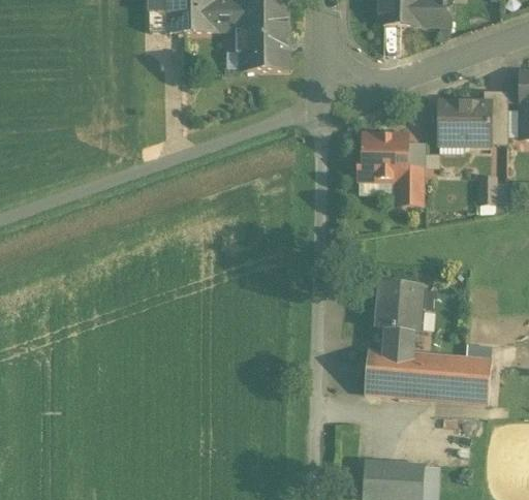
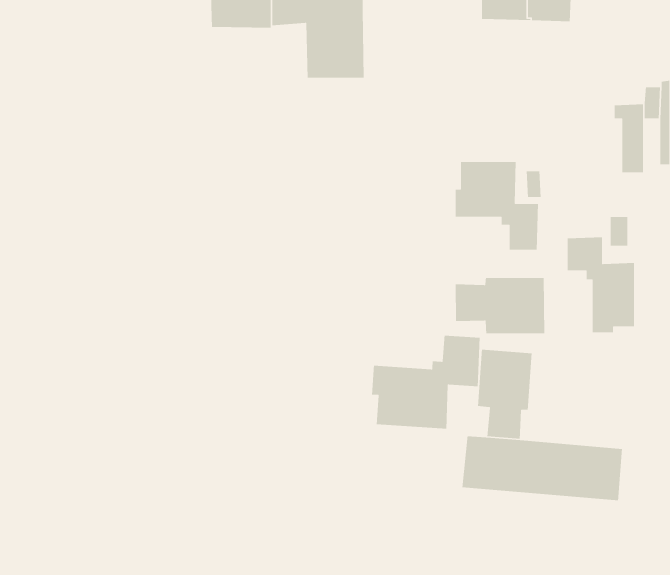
building: [439,99,490,143] -> none
building: none -> [567,236,635,333]
building: none -> [455,277,545,334]
building: none -> [371,335,480,430]

